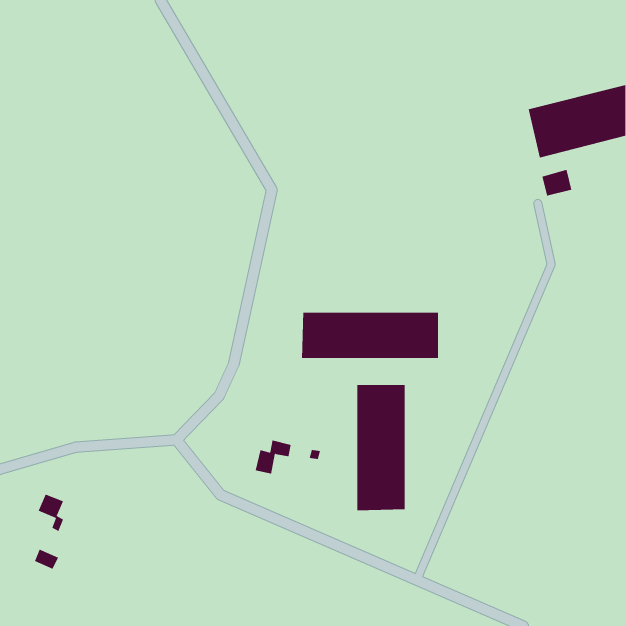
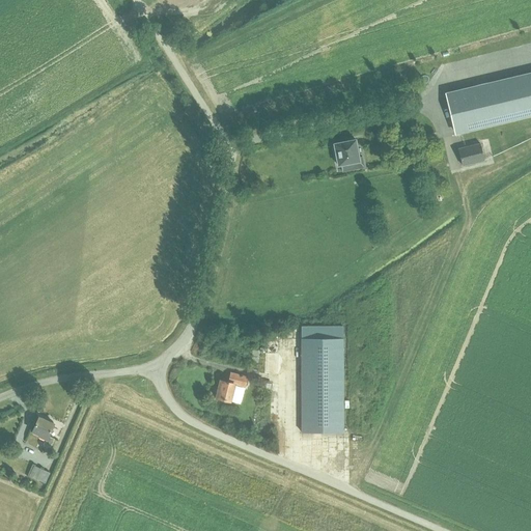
building: none -> [334,139,364,171]
building: [302,312,438,359] -> none

